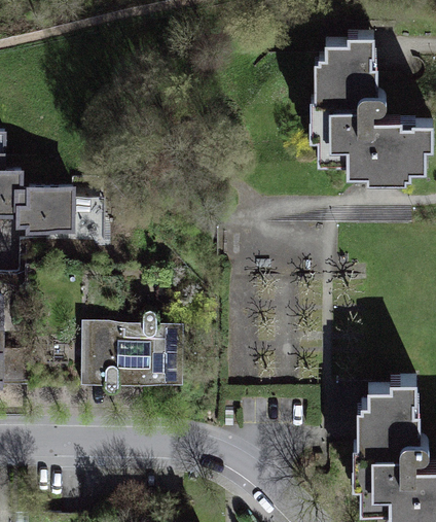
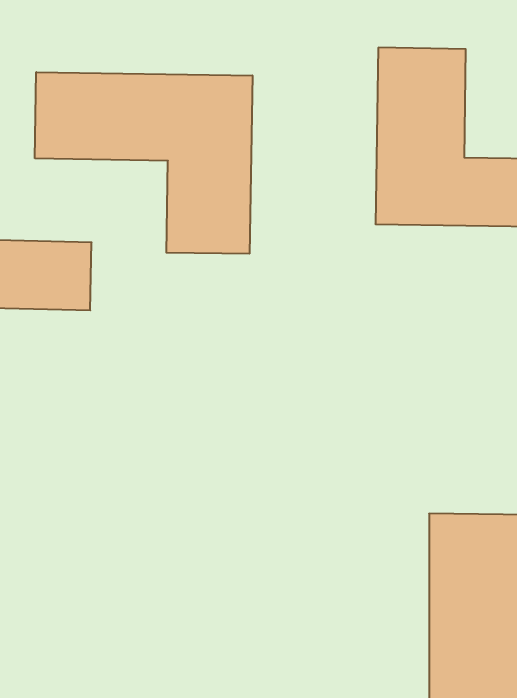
building: none -> [35,72,252,254]
building: [81,326,189,387] -> none

